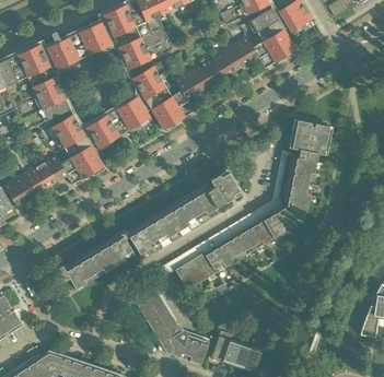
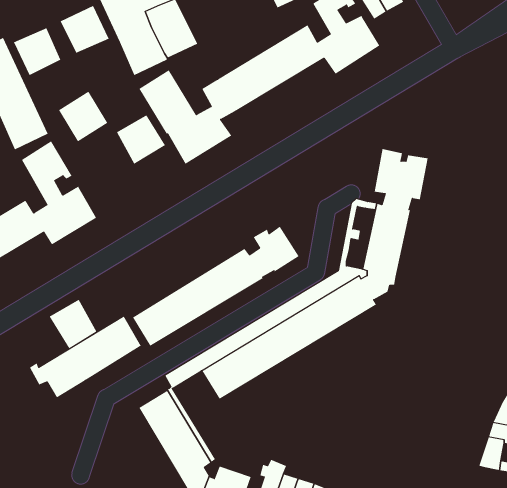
building: [85,114,119,149] -> [58,91,108,142]
building: none -> [49,299,97,349]

